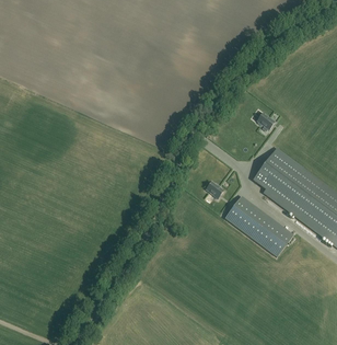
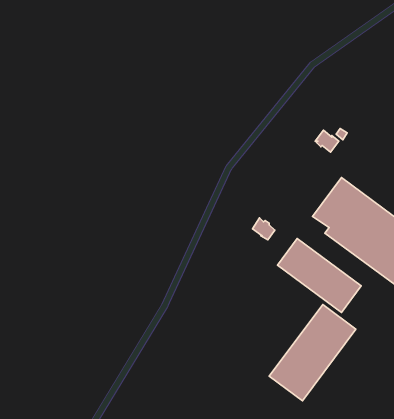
building: none -> [269,304,356,401]

